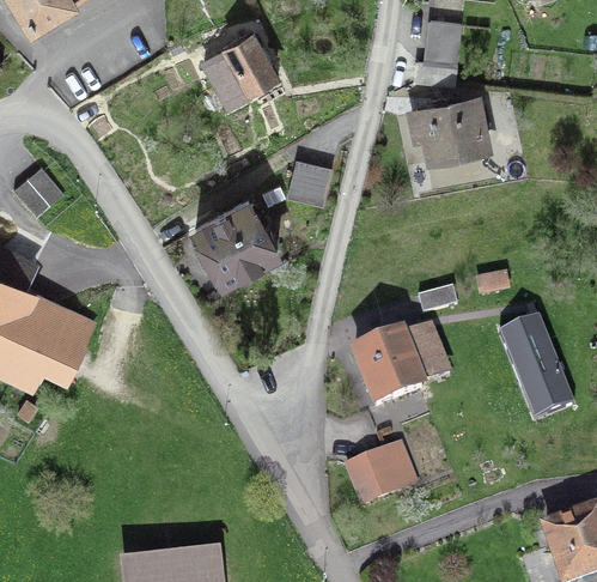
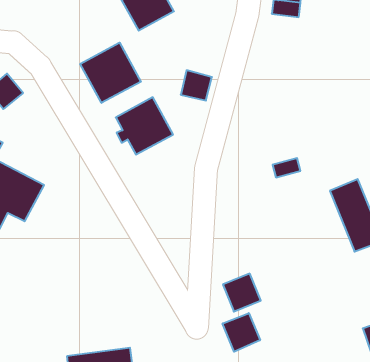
building: [412,98,488,159] -> none
building: none -> [80,43,141,103]
building: [354,331,441,406] -> none
building: none -> [223,313,260,352]

